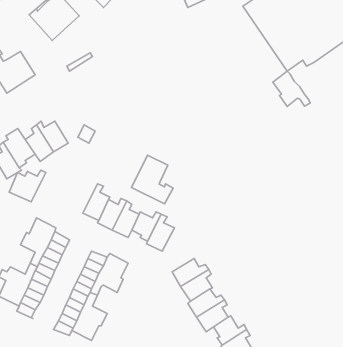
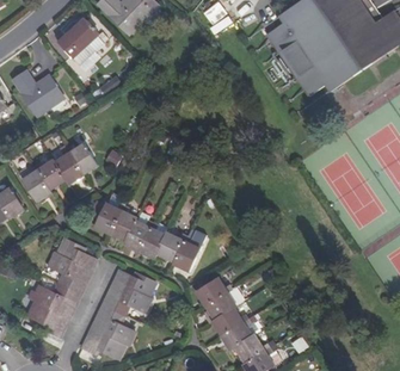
building: [273,71,310,107] -> none
building: [132,155,173,204] -> none
building: [9,170,46,202] -> [87,203,123,234]

